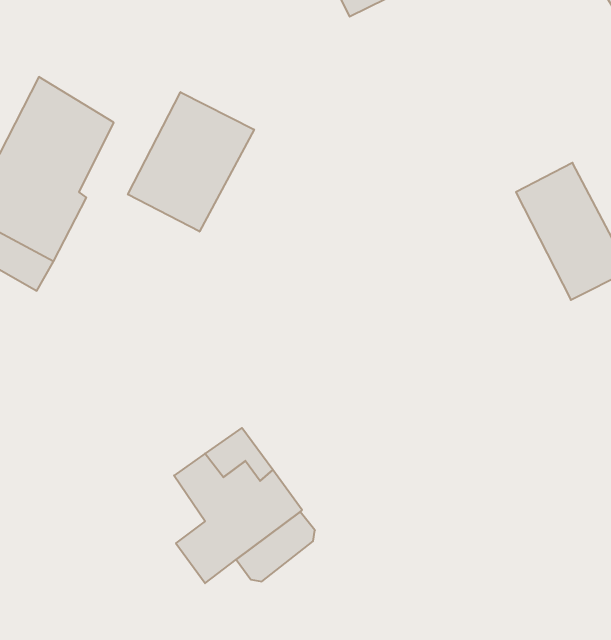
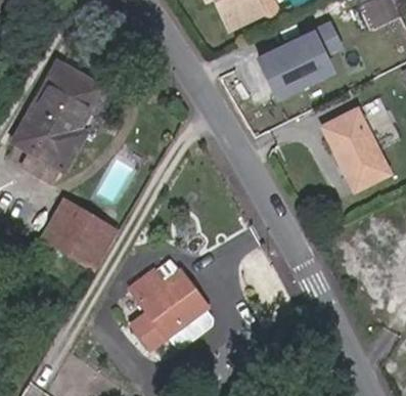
building: none -> [260,24,340,97]
building: [128,92,254,232] -> none
building: none -> [42,199,119,267]

